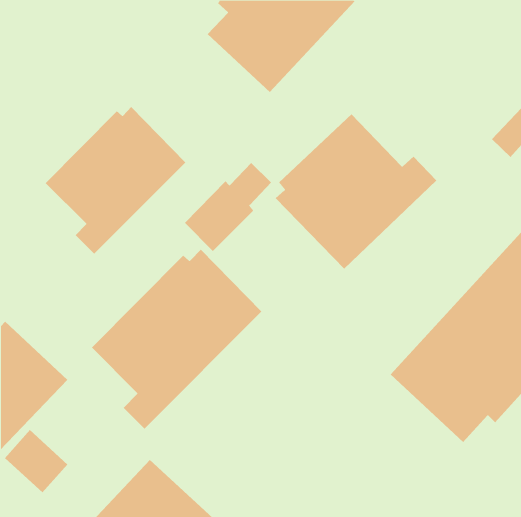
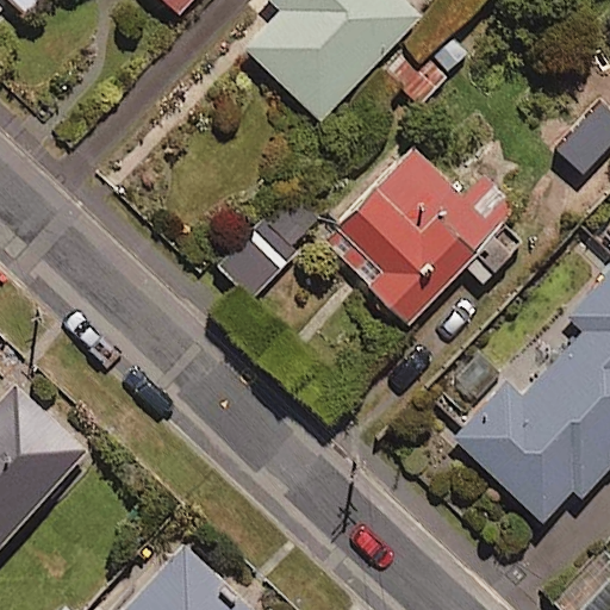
building: [45,106,186,254] -> none
building: [91,249,262,429] -> none

